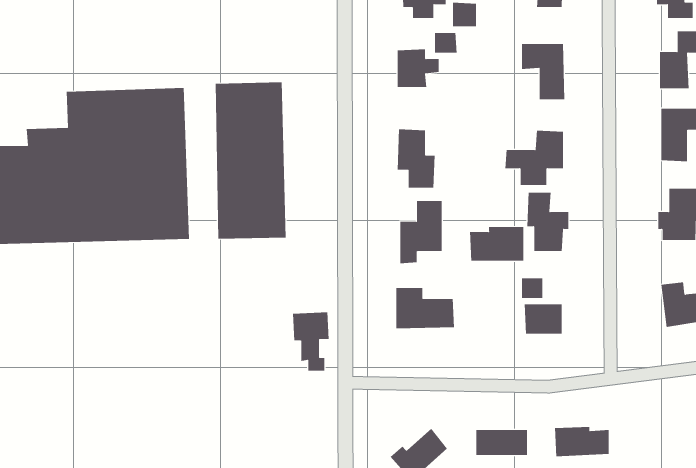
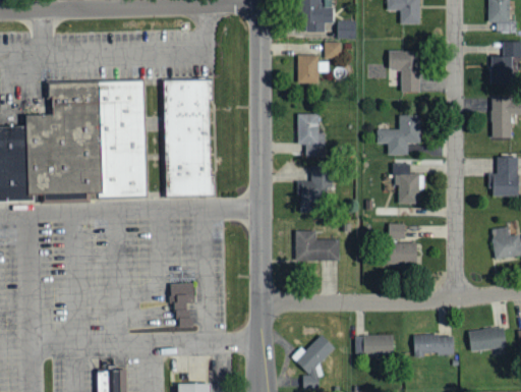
building: [470,226,524,262] -> none
building: [292,312,329,371] -> [169,281,196,325]
building: none -> [468,326,507,351]

